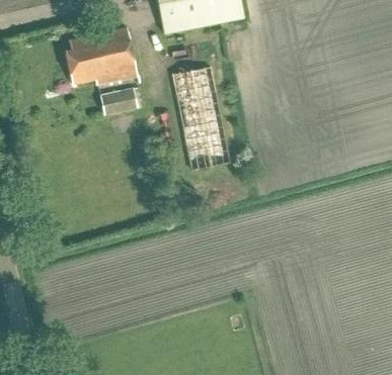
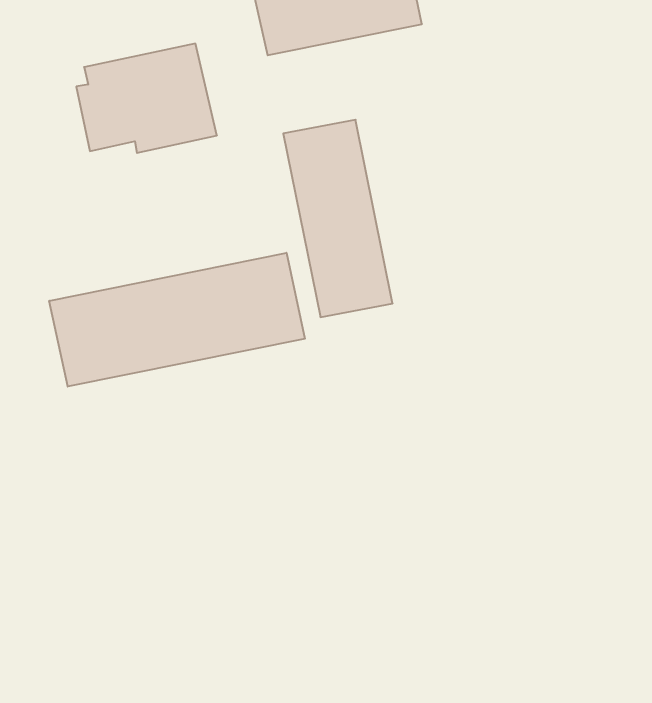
building: [100,88,138,113] -> none
building: none -> [49,253,305,387]

